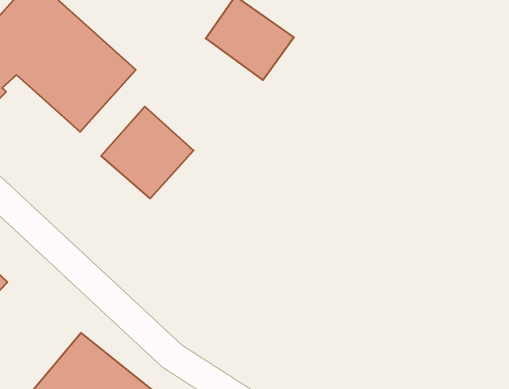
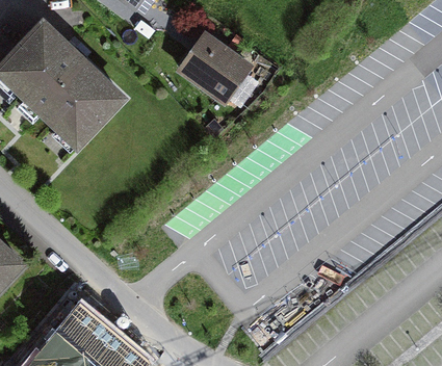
building: [101,107,194,198] -> none

